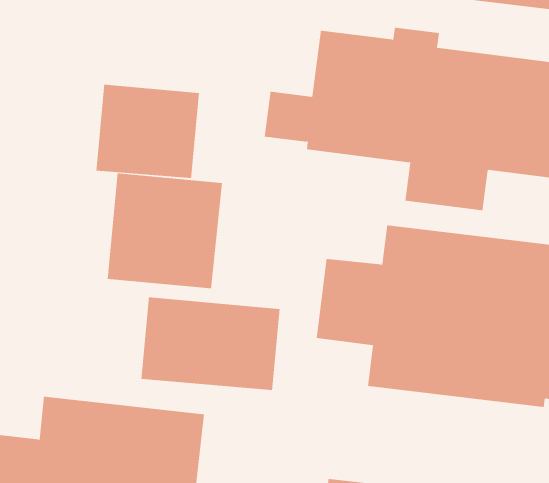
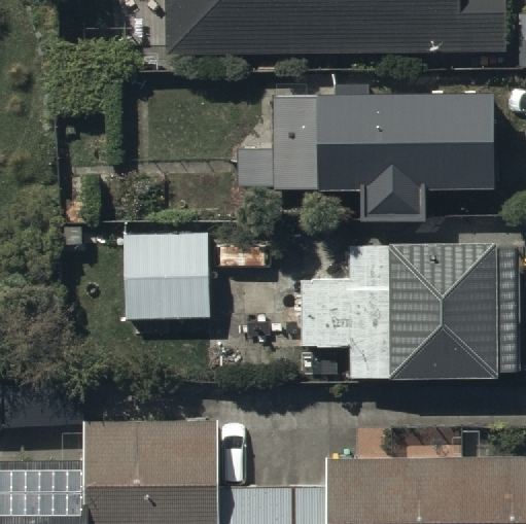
building: [96,84,199,179] -> none
building: [141,296,280,391] -> none

